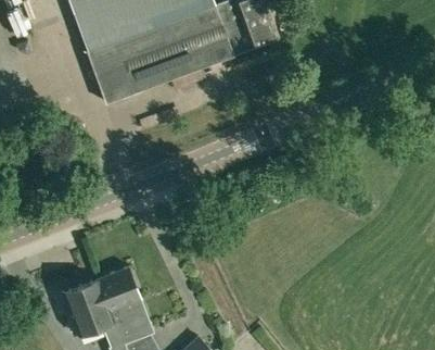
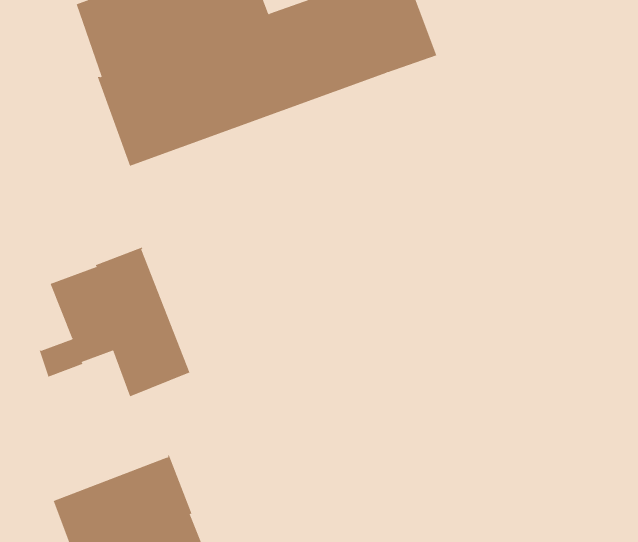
building: none -> [39,247,190,397]

